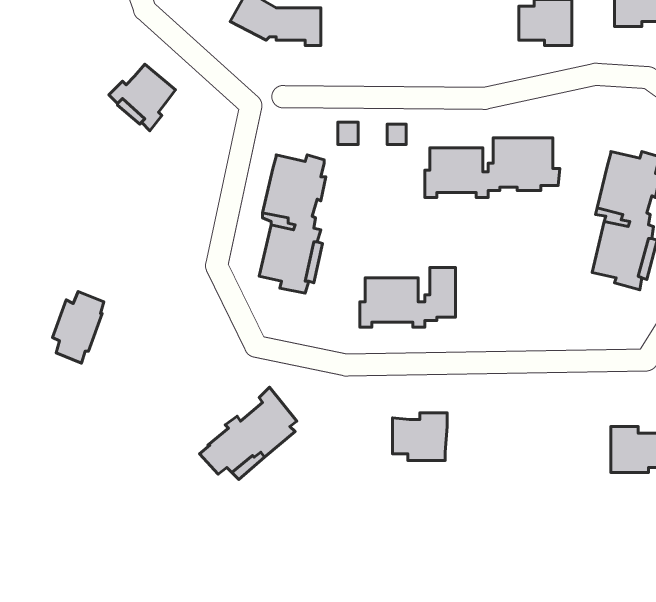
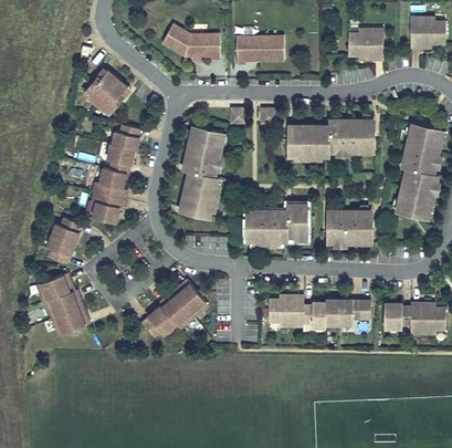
building: none -> [236,35,284,63]
building: none -> [92,125,141,223]
building: none -> [326,208,372,244]
building: none -> [38,273,88,334]
building: none -> [301,300,368,326]
building: none -> [381,305,408,331]

